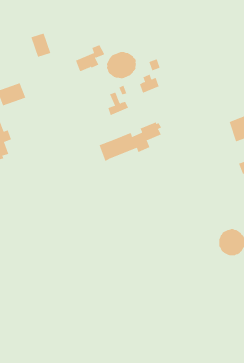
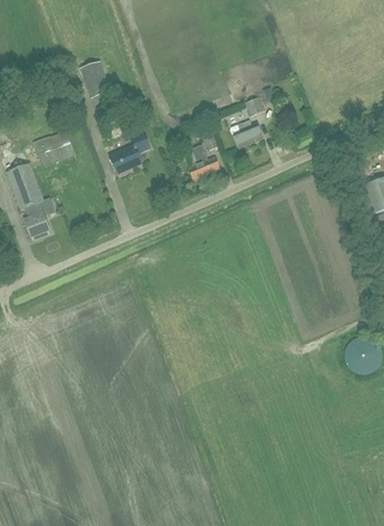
building: [75,44,105,73] -> [109,132,151,173]
building: [106,51,136,79] -> none
building: [99,121,162,162] -> none

